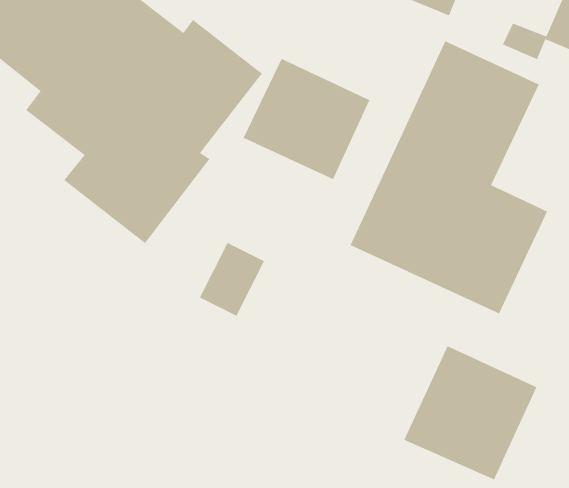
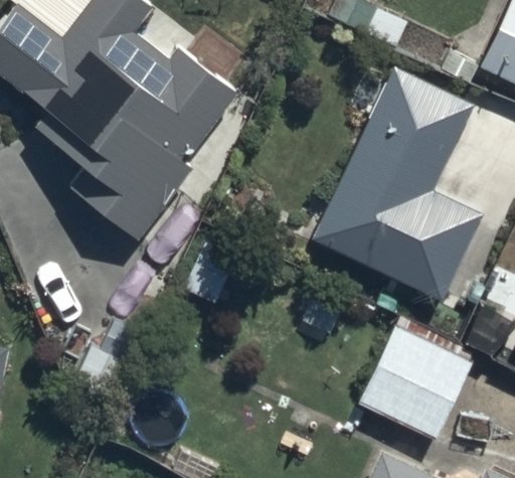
building: [242,58,371,180] -> none

